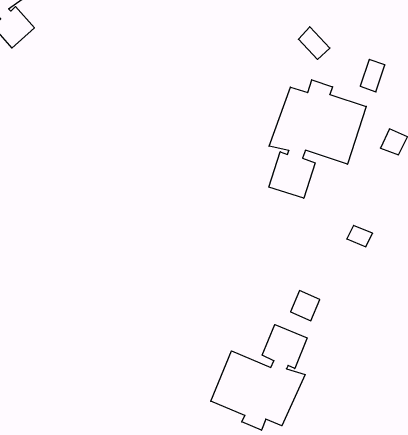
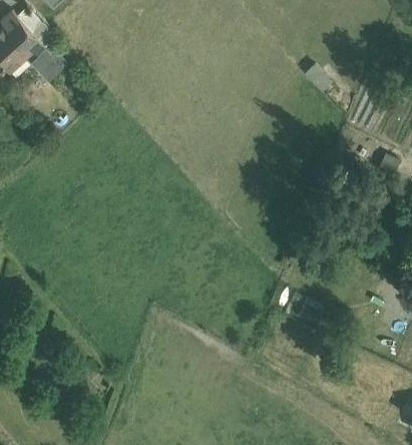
building: [269,80,366,198] -> none
building: [211,325,307,430] -> none

